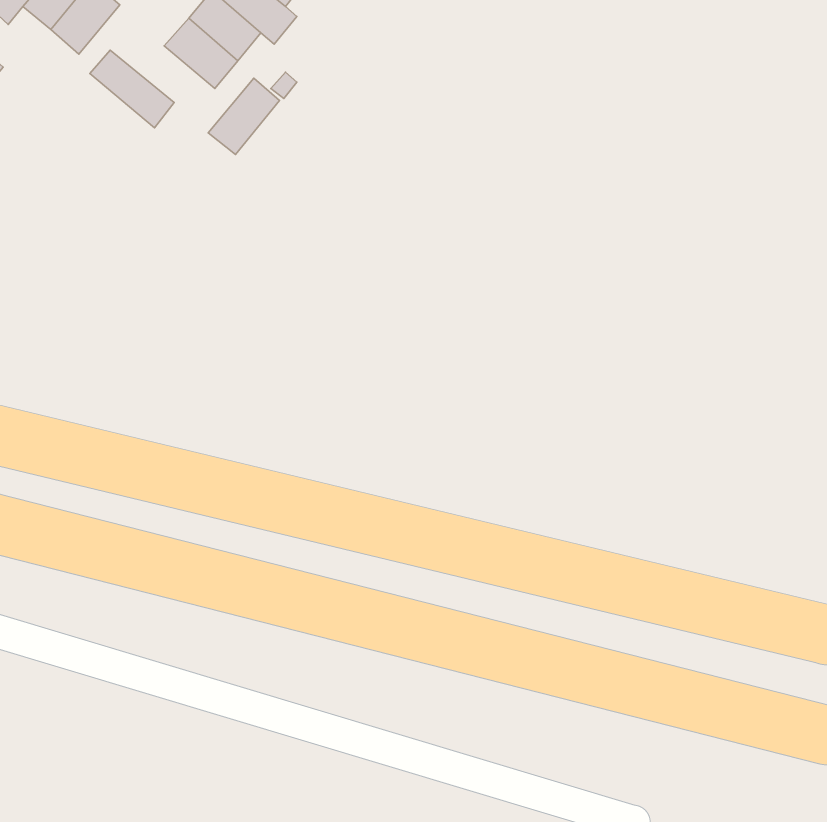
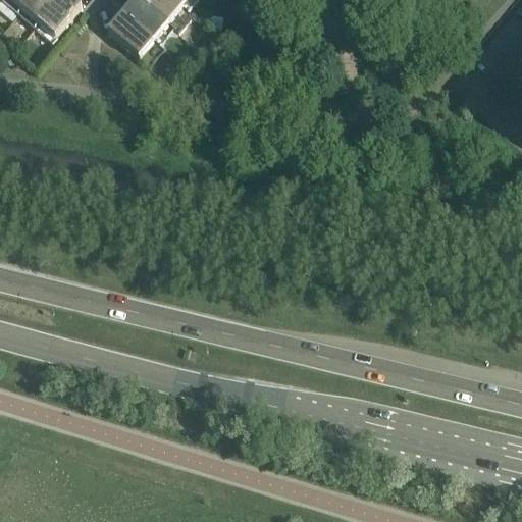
building: [90,50,174,128] -> none
building: [208,78,280,155] -> none

